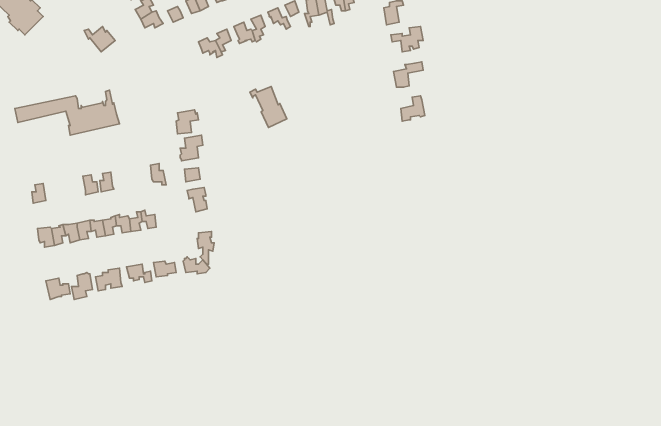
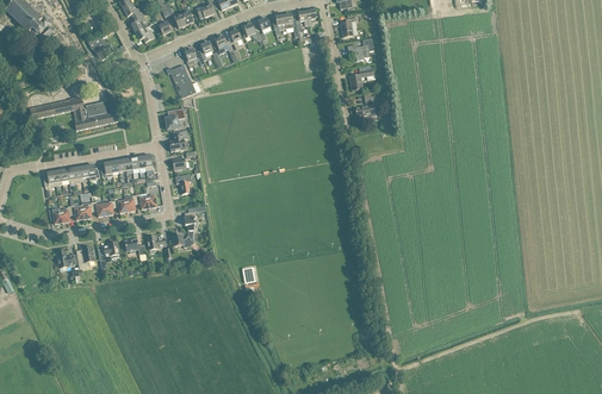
building: [250,86,287,127] -> [165,64,196,99]

